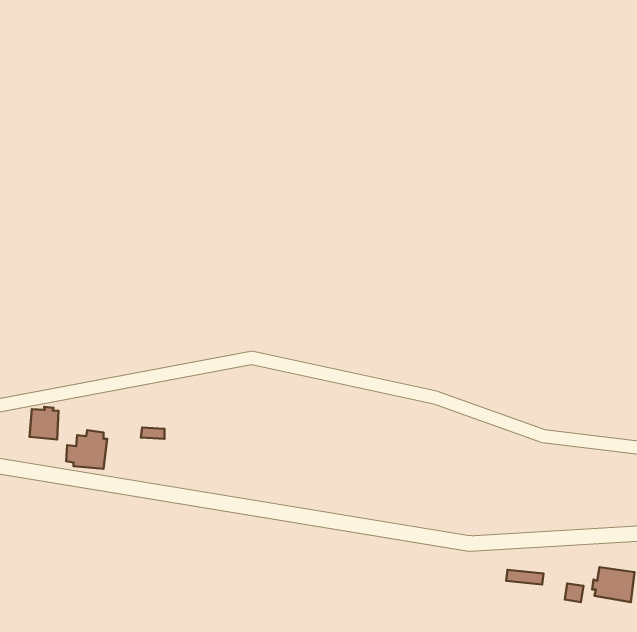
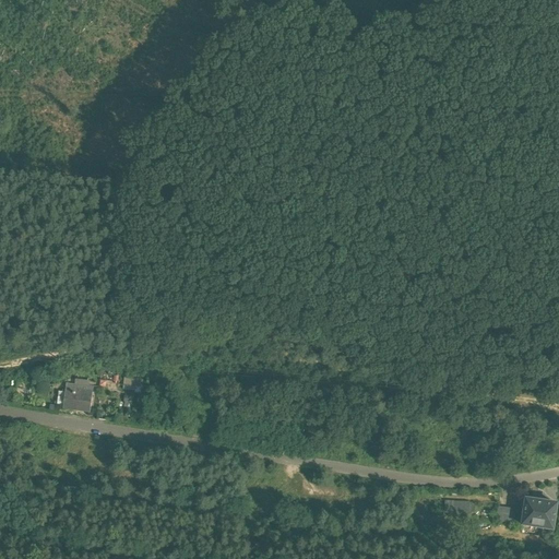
building: [30,407,59,440] -> none

